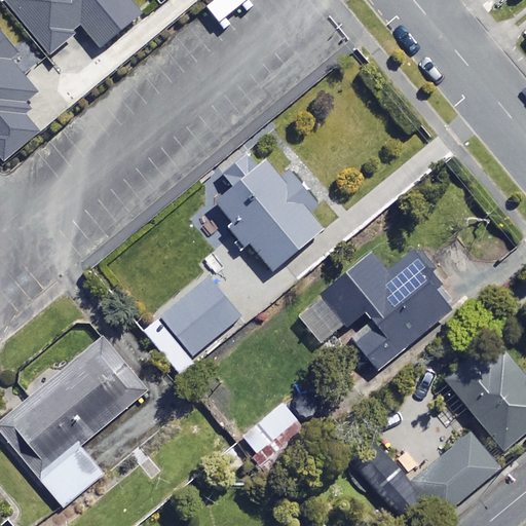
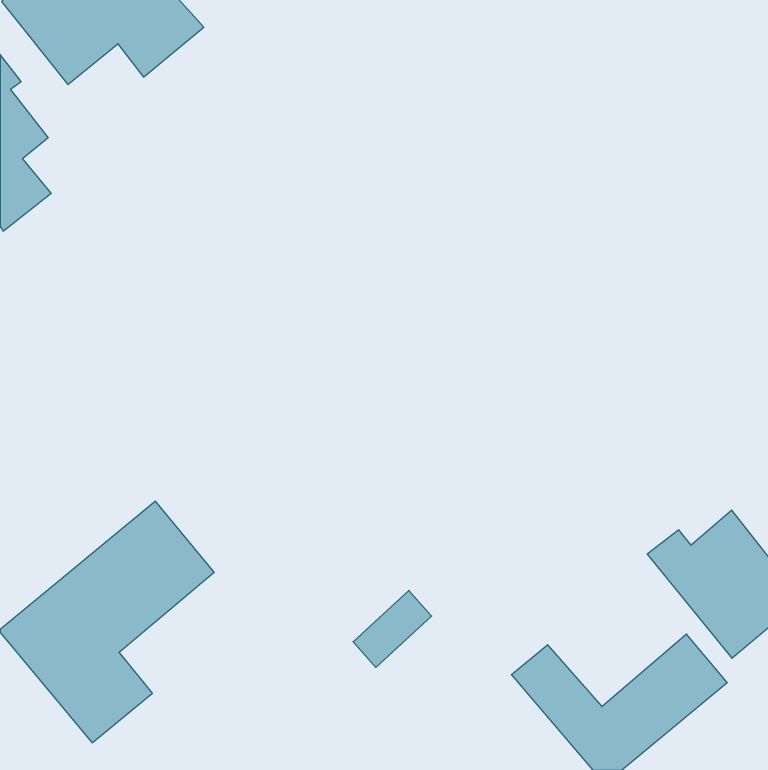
building: [216,152,327,271] -> none
building: [294,252,448,369] -> none
building: [159,276,240,356] -> none

